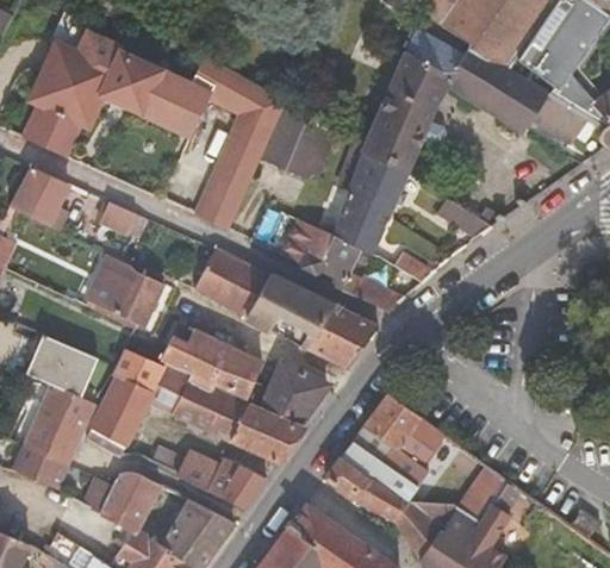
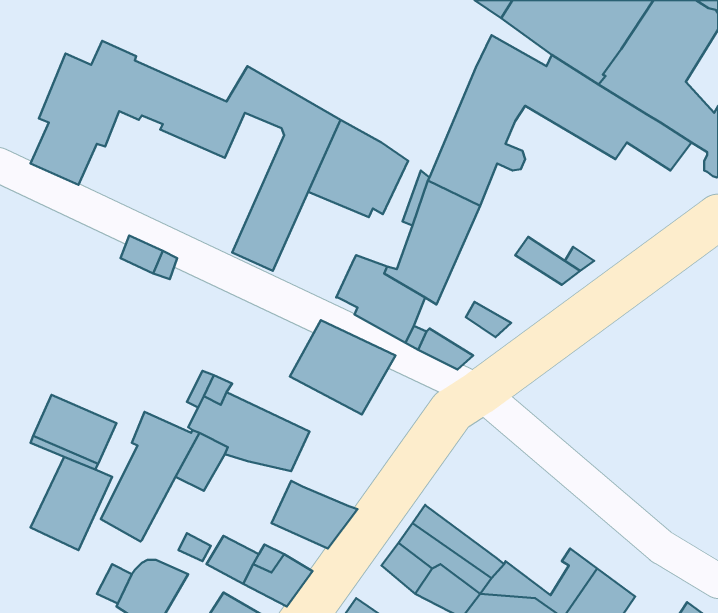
building: [12,167,70,230] -> none
building: [195,244,272,318] -> none
building: [94,258,163,325] -> none
building: [306,300,375,370] -> none
building: [256,360,325,427] -> none
building: [173,383,247,442] -> none
building: [361,394,444,472] -> none
building: [15,445,67,488] -> none

